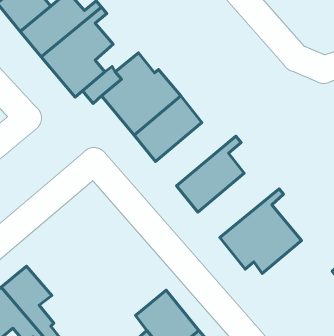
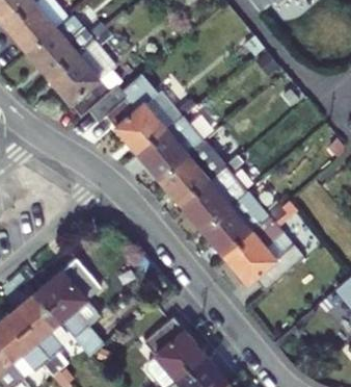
building: none -> [161,144,240,206]
building: none -> [203,193,282,257]
building: none -> [34,250,100,341]

